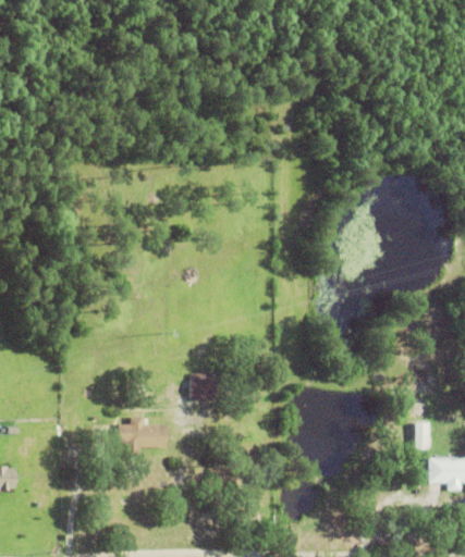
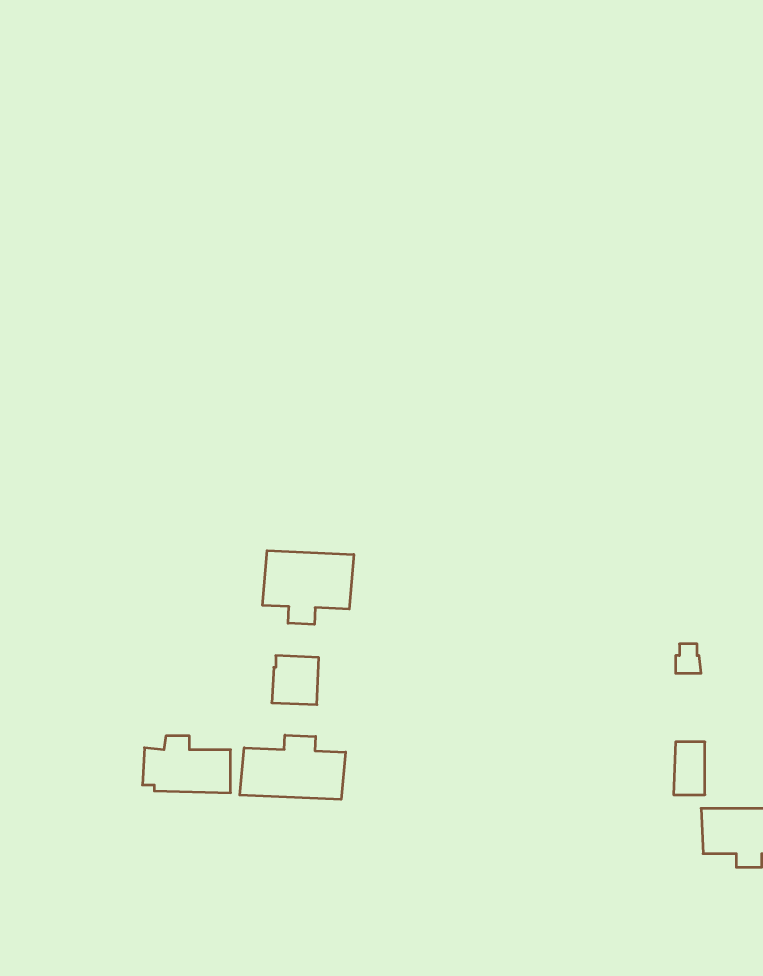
building: none -> [263,551,354,624]
building: none -> [240,735,346,799]

